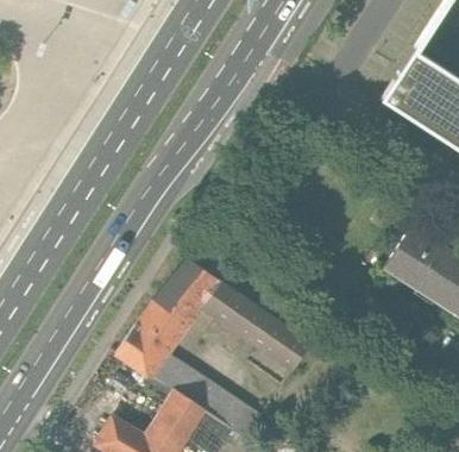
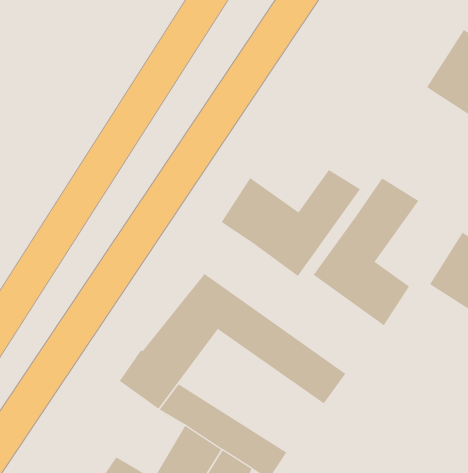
building: none -> [221,169,361,277]
building: none -> [313,178,419,326]

